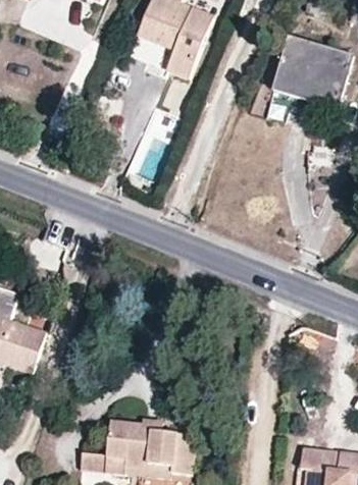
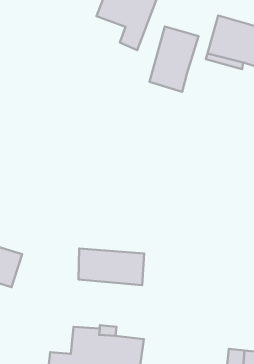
building: none -> [150,27,198,92]
building: none -> [79,248,144,285]

